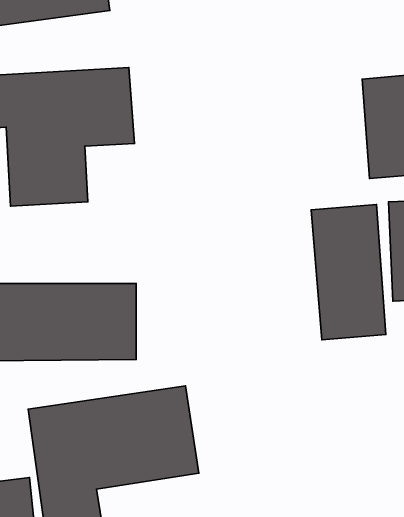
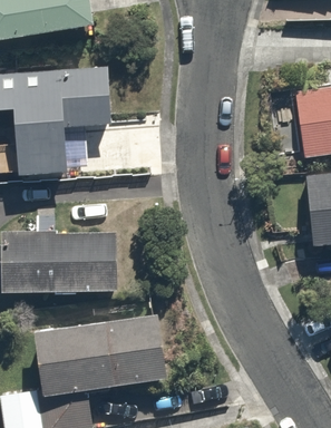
building: [311,205,386,340] -> none

